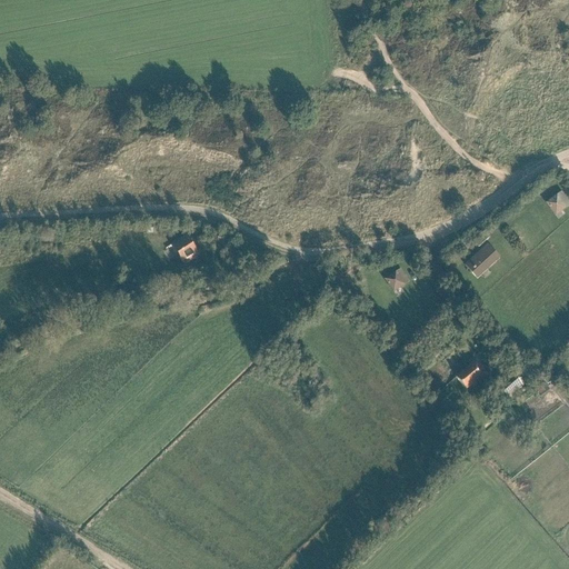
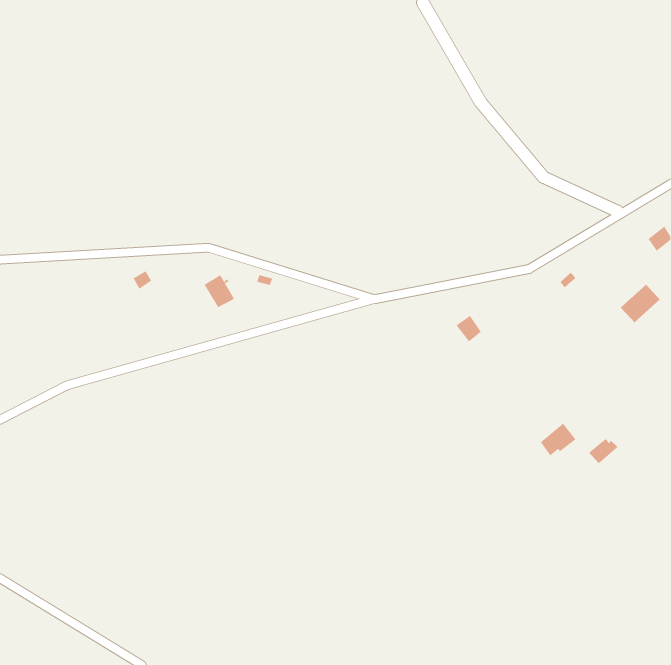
building: [467,241,501,274] -> [620,284,661,323]

